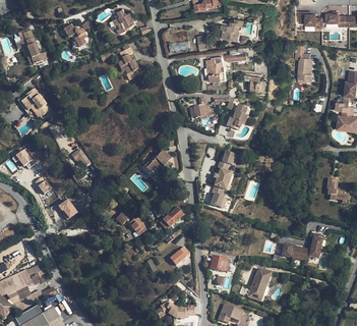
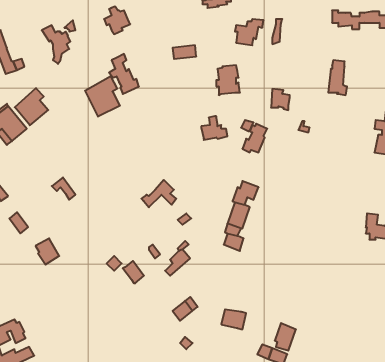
building: none -> [85,76,120,117]
building: none -> [15,88,48,125]
building: [282,233,323,262] -> none

